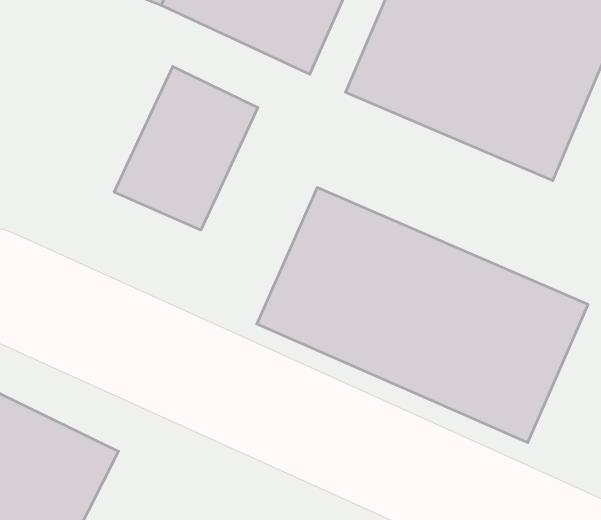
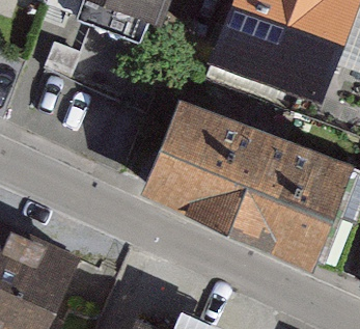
building: [114,66,258,230] -> none

